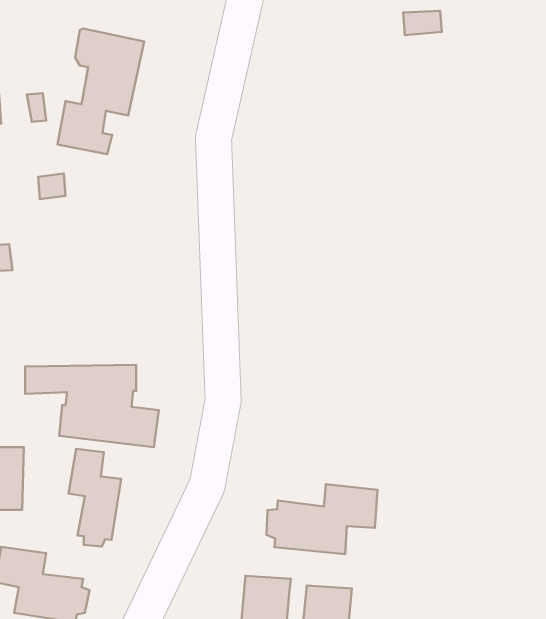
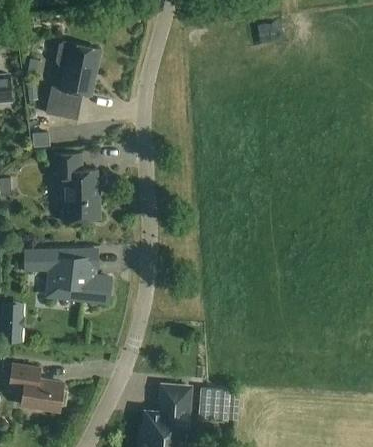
building: none -> [52,154,100,220]
building: [69,449,121,546] -> none
building: [267,484,378,554] -> none

